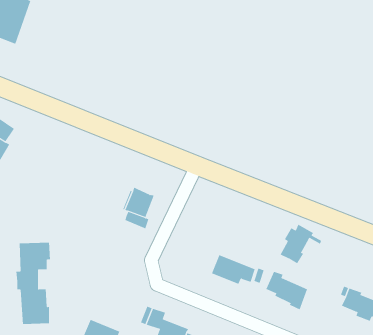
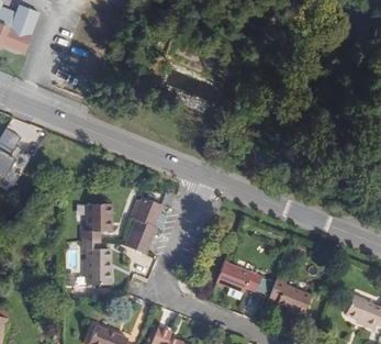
building: none -> [124,230,153,256]
building: [280,224,322,264] -> none
building: [15,242,51,324] -> [77,193,112,275]

